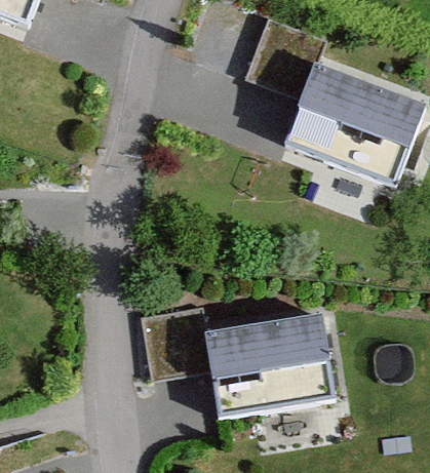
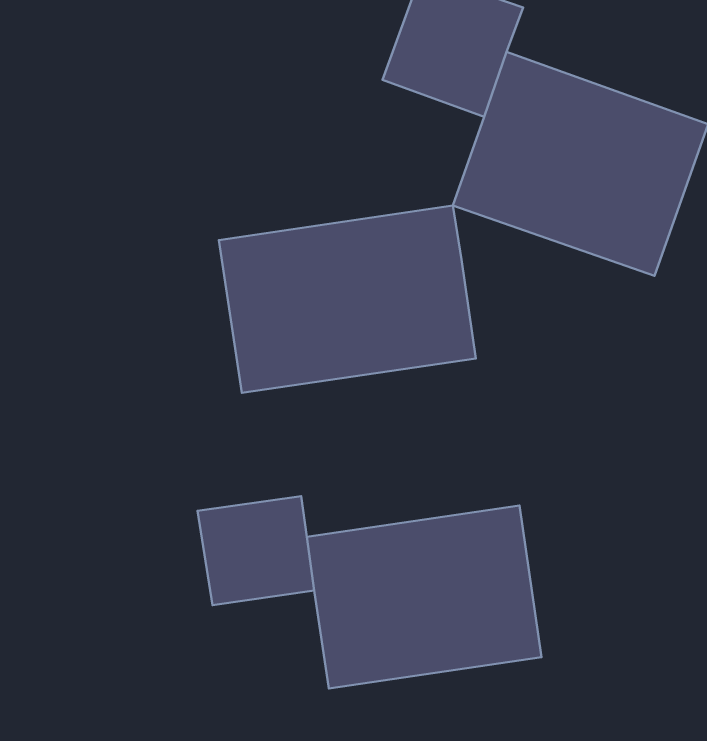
building: none -> [219,206,476,393]

